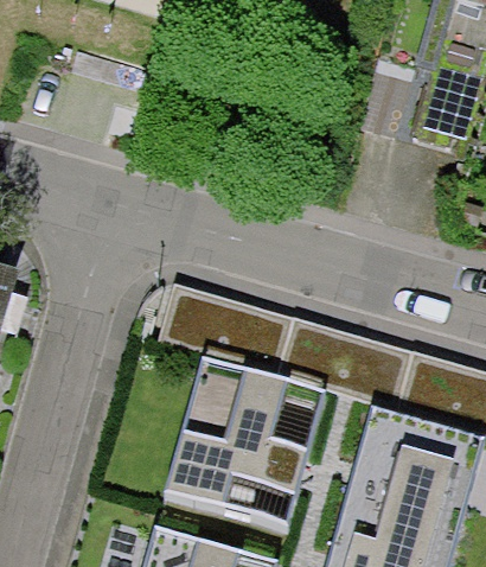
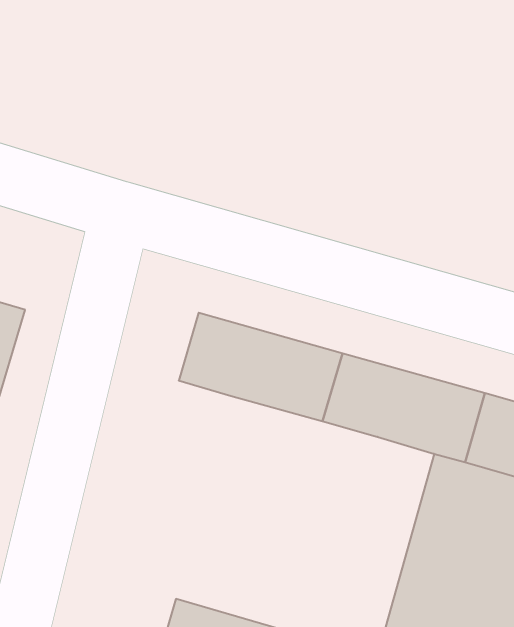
building: [164,356,322,522] -> none

